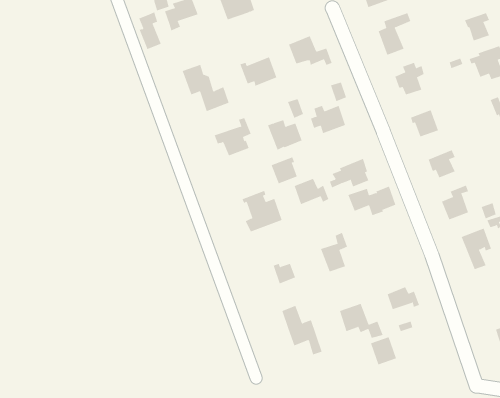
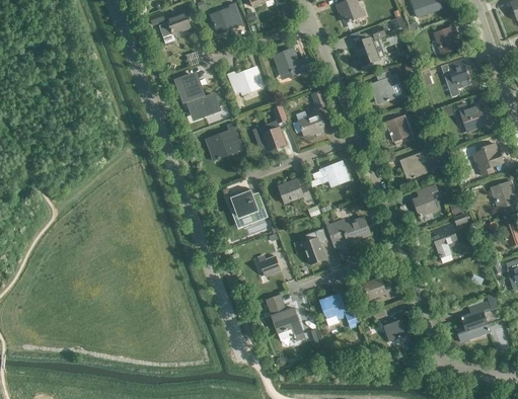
building: [139,11,162,50] -> none
building: [271,156,297,184] -> none
building: [347,186,396,216] -> [325,217,370,244]
building: [370,336,397,365] -> [381,314,405,340]

